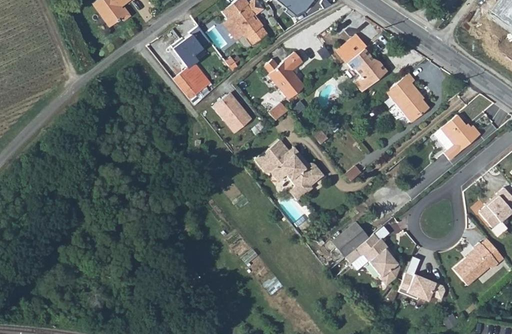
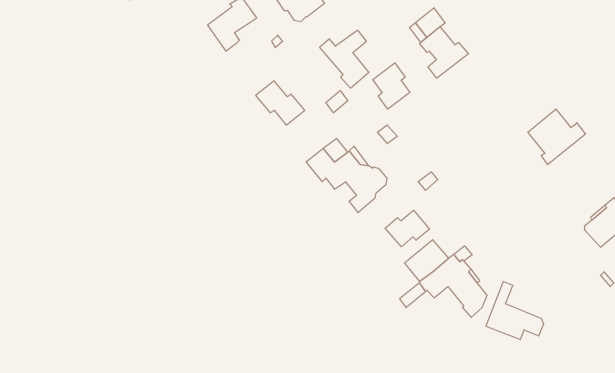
building: [175,62,211,99] -> none
building: [383,74,427,124] -> none
building: none -> [373,63,410,109]
building: none -> [385,210,430,247]
building: [453,243,498,284] -> none

